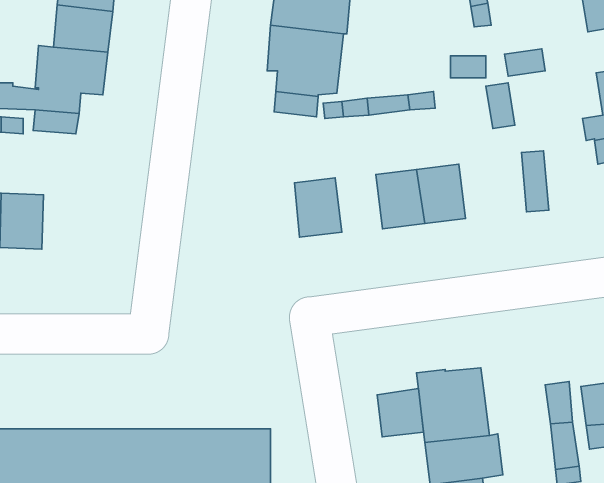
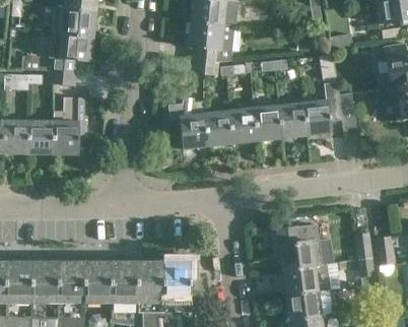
building: none -> [53,97,83,153]
building: none -> [168,97,207,149]
building: none -> [302,100,332,135]
building: none -> [228,109,257,143]
building: [377,388,424,437] -> none

